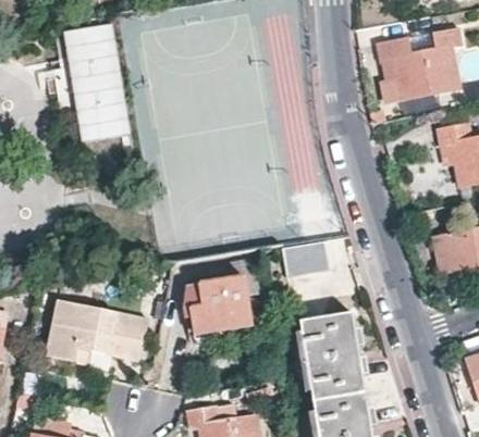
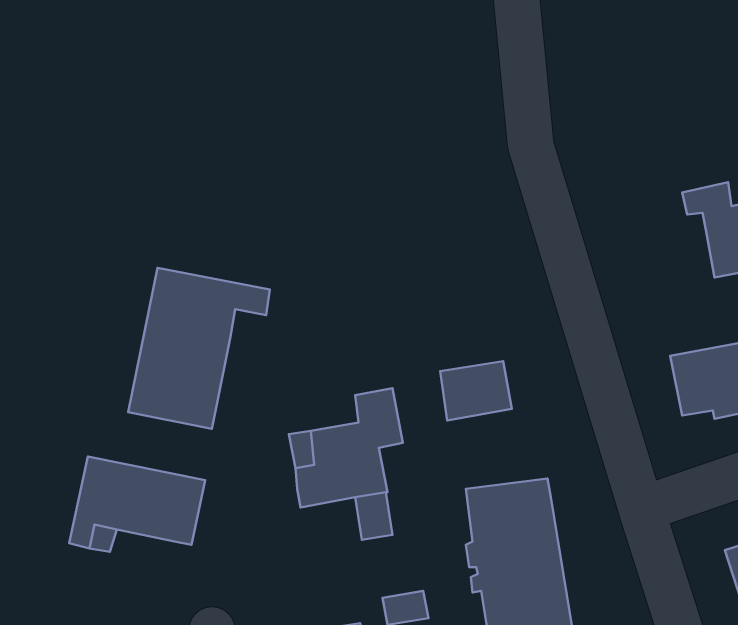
building: [60,20,131,140] -> none
building: [380,27,463,101] -> none
building: none -> [128,268,270,429]

